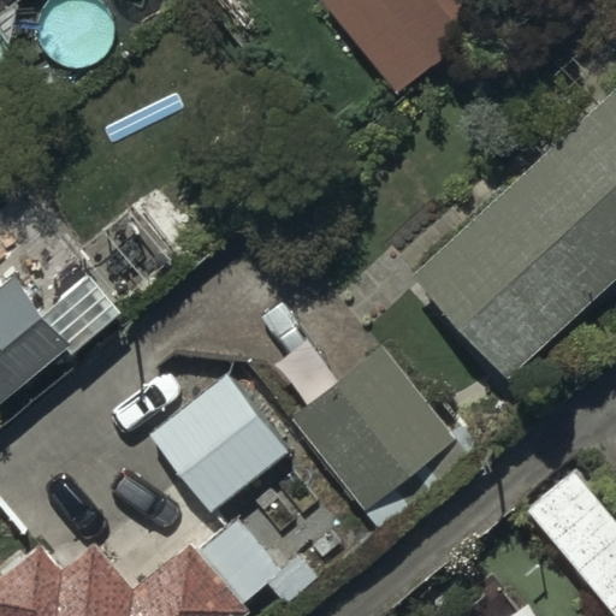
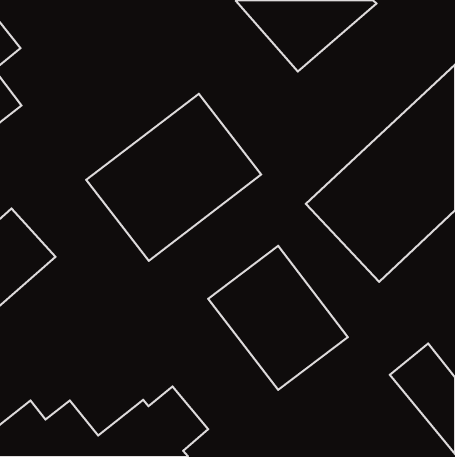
building: none -> [86,94,261,261]
building: [144,371,289,515] -> none

